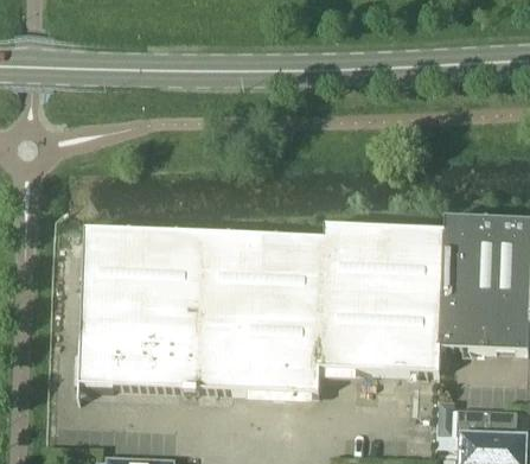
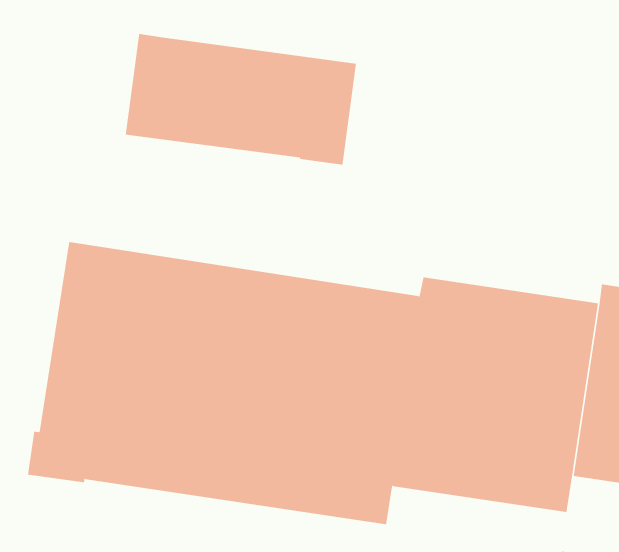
building: none -> [125,33,357,165]

